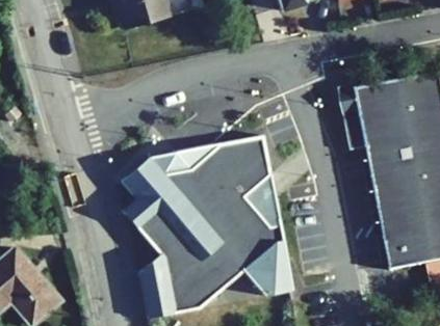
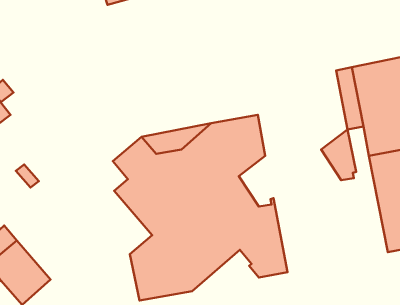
building: [247,176,281,226] -> [321,130,356,180]

